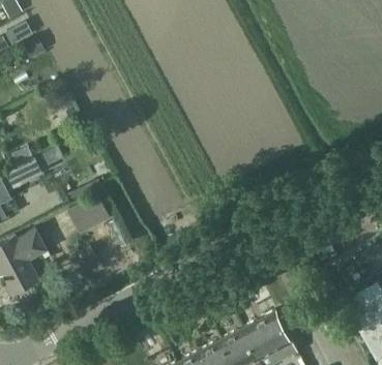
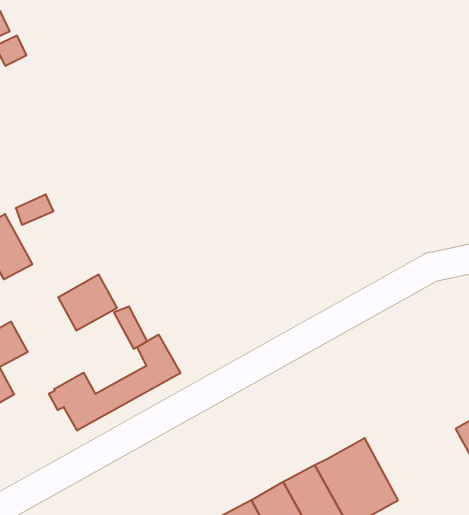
building: none -> [49,335,180,431]

